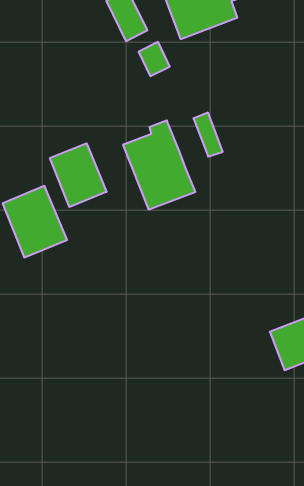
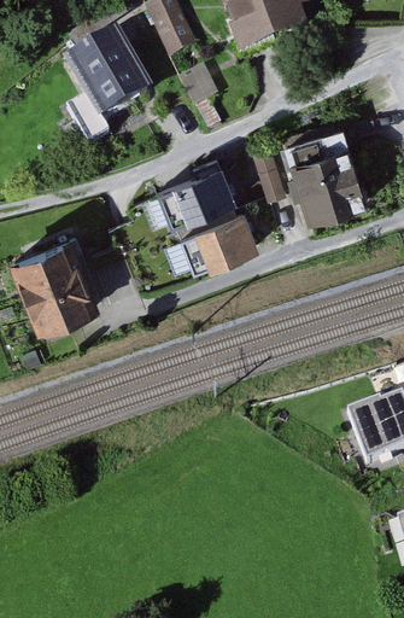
building: none -> [59,33,147,121]
building: none -> [293,135,369,216]
building: [50,143,107,207] -> none

